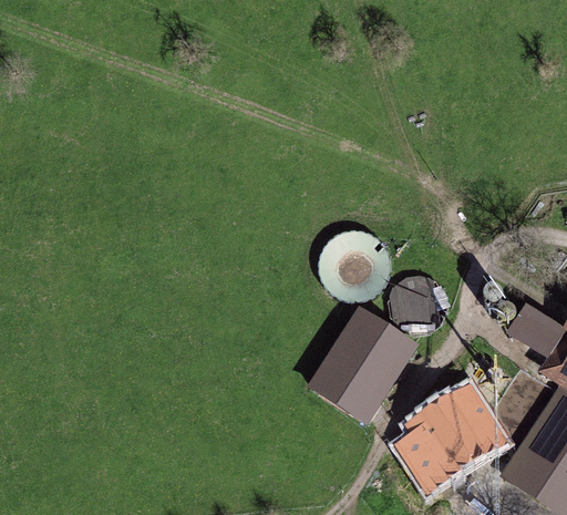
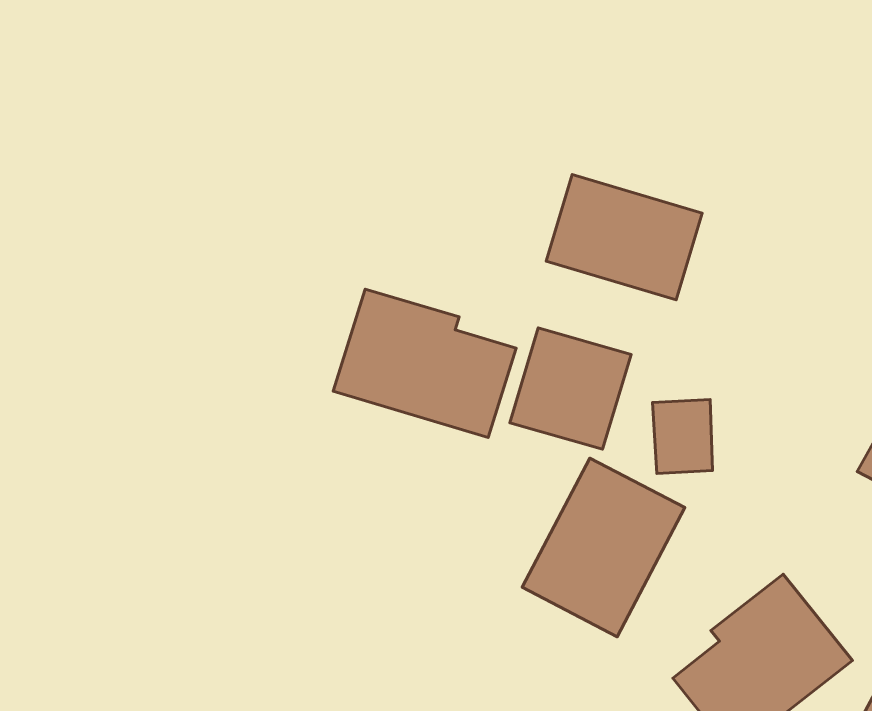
building: none -> [546,175,702,300]
building: none -> [333,289,516,438]

